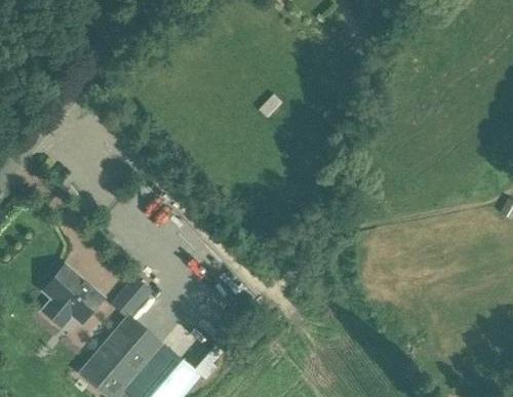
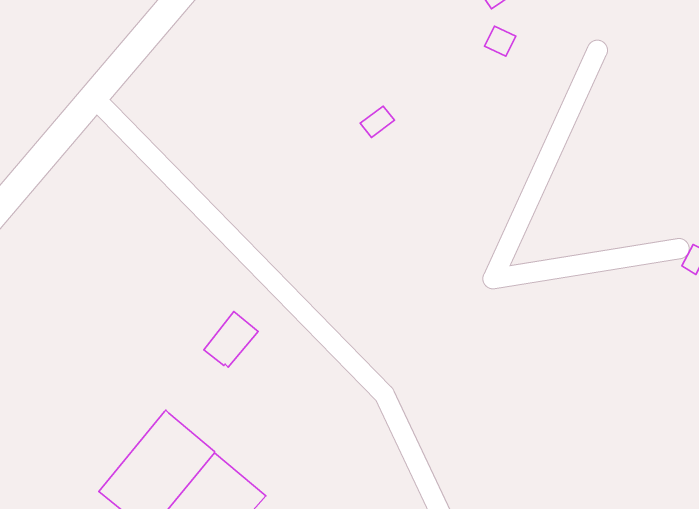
building: [42,265,102,327] -> none
building: [112,276,151,316] -> [204,311,258,367]

